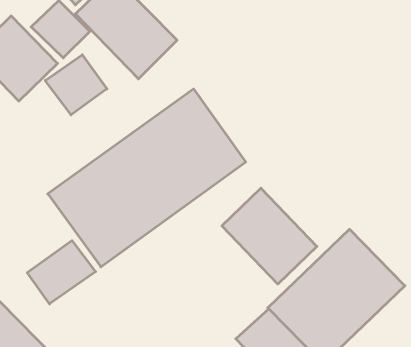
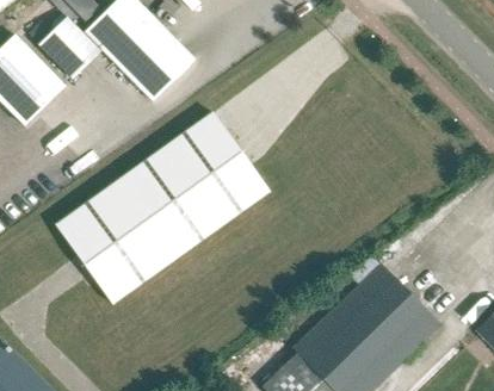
building: [45,55,107,115] -> none
building: [222,188,317,284] -> none
building: [27,241,96,304] -> none

